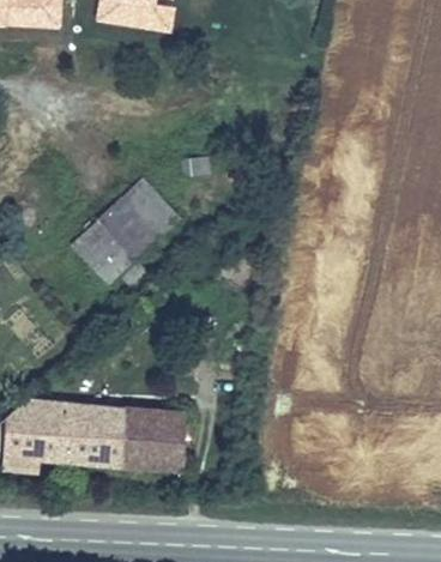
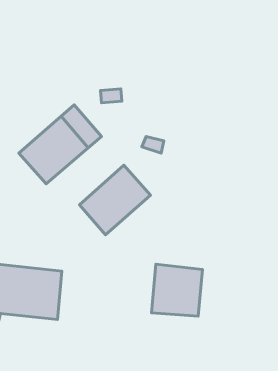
building: none -> [79,165,151,235]
building: [120,405,189,476] -> [152,264,203,316]

